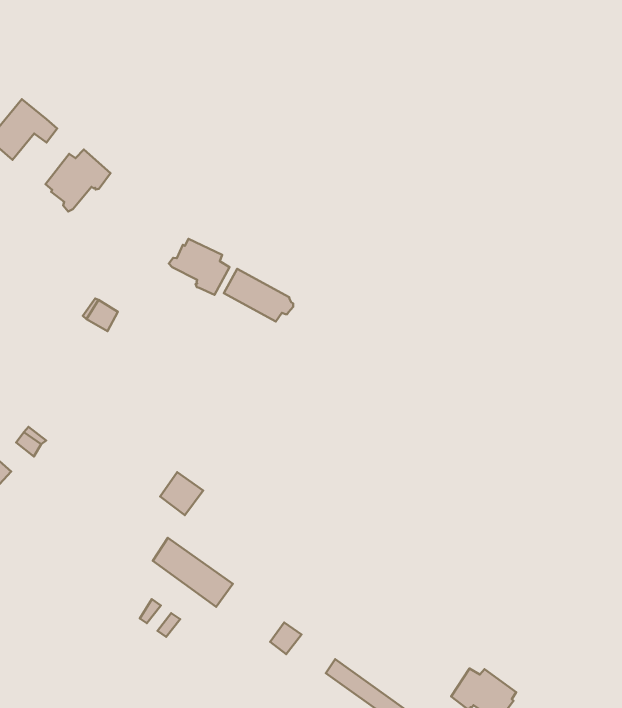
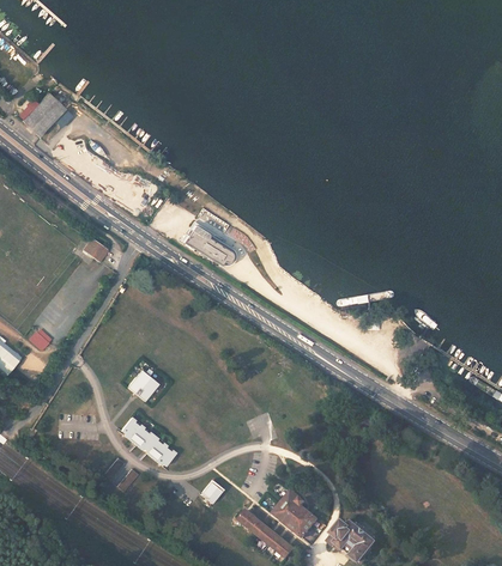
building: [46,150,111,212] -> none
building: [169,239,229,295] -> none
building: none -> [271,488,316,537]

